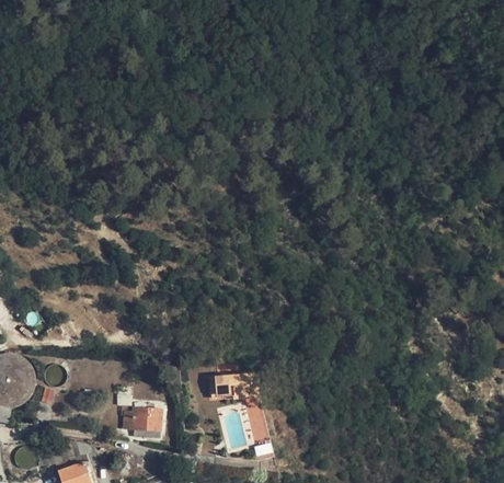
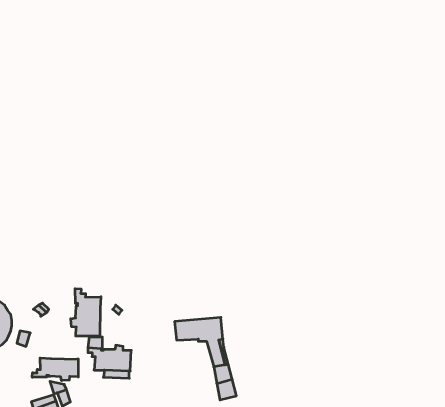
building: none -> [71,289,101,336]
building: none -> [32,358,78,381]

